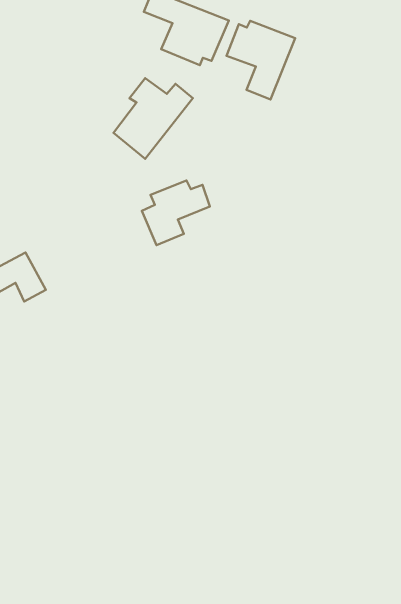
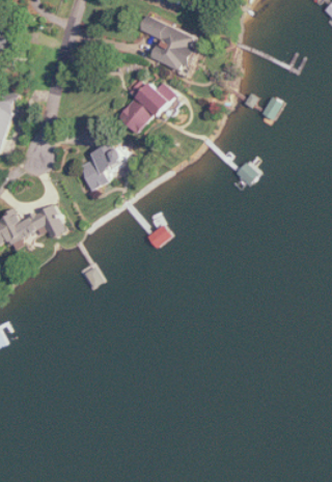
building: [227,21,295,99] -> none
building: [142,180,210,245] -> [79,144,128,191]

